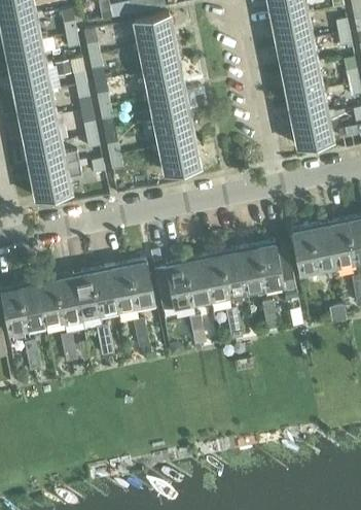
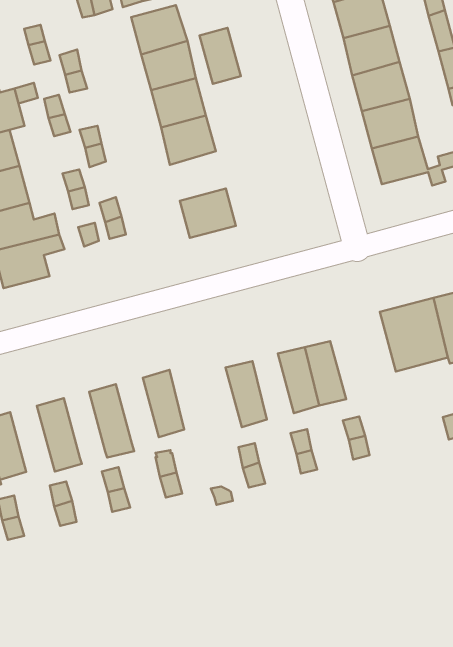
building: none -> [199,28,241,84]
building: [155,116,192,148] -> none
building: [256,246,297,300] -> none
building: [203,257,228,304] -> none
building: [154,264,192,310] -> none
building: [109,267,136,311] -> none
building: [73,274,99,318] -> none
building: [36,281,63,326] -> none

